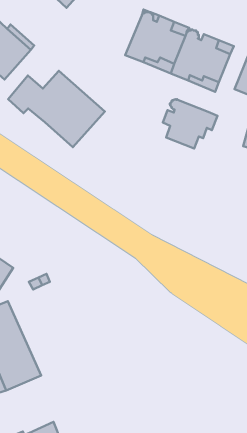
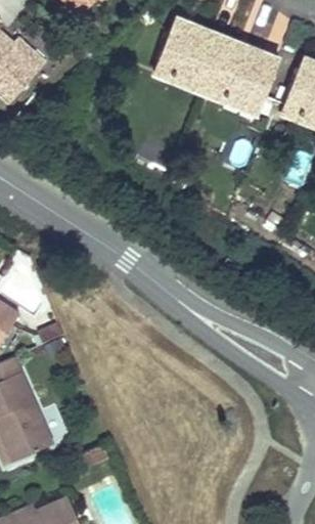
building: [8,71,105,147] -> none
building: [163,99,218,149] -> none

